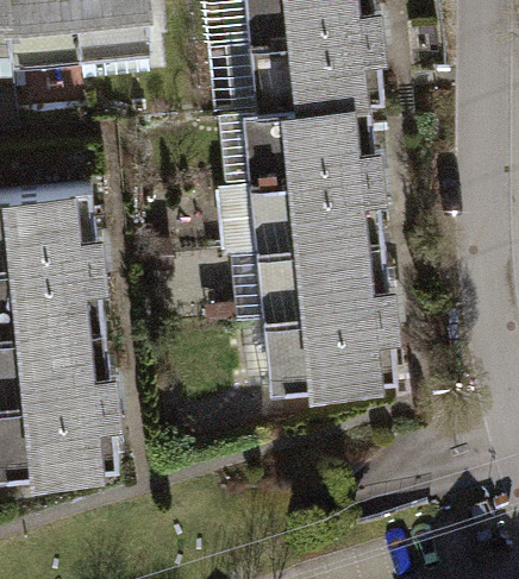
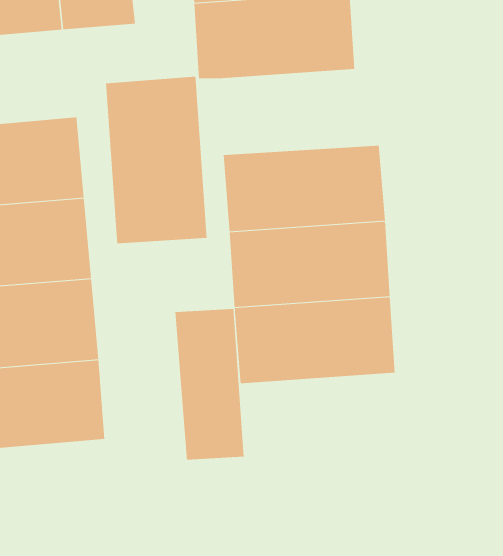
building: [226,102,383,187] -> none
building: none -> [105,76,207,244]
building: none -> [175,308,244,461]

